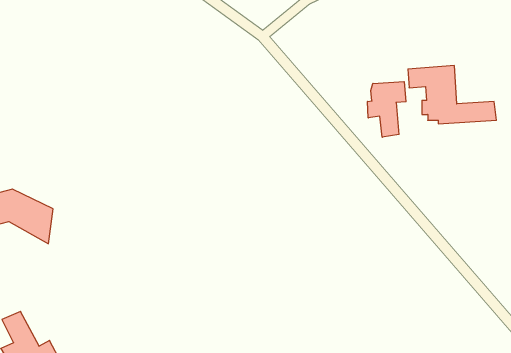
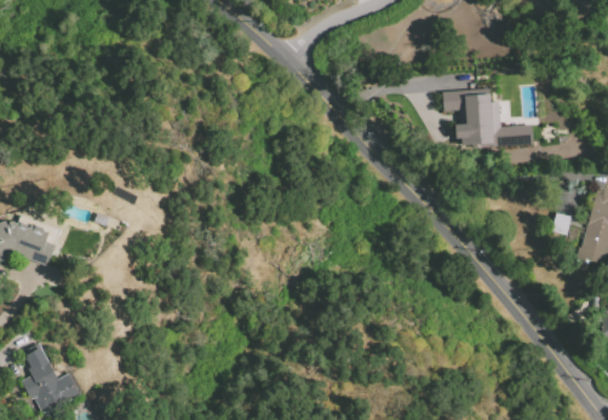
building: [368,82,406,137] -> none

